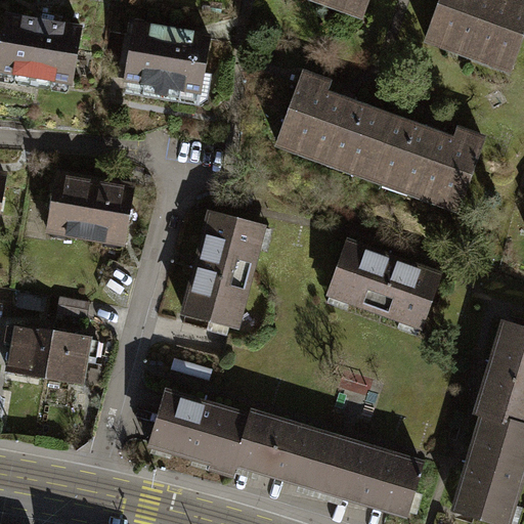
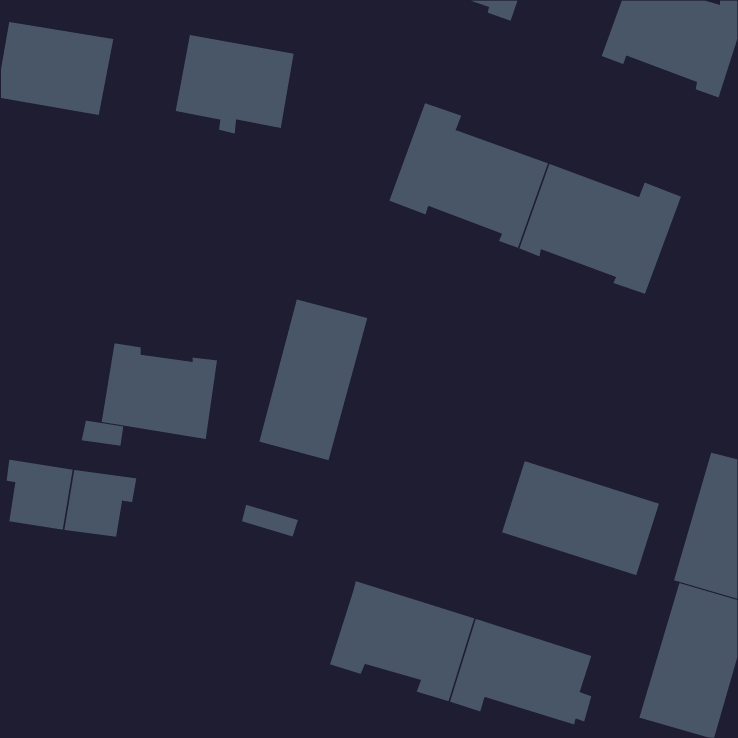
building: [48,172,131,241] -> [101,343,218,440]
building: [328,243,440,324] -> [501,460,660,576]
building: [148,391,250,474] -> none

